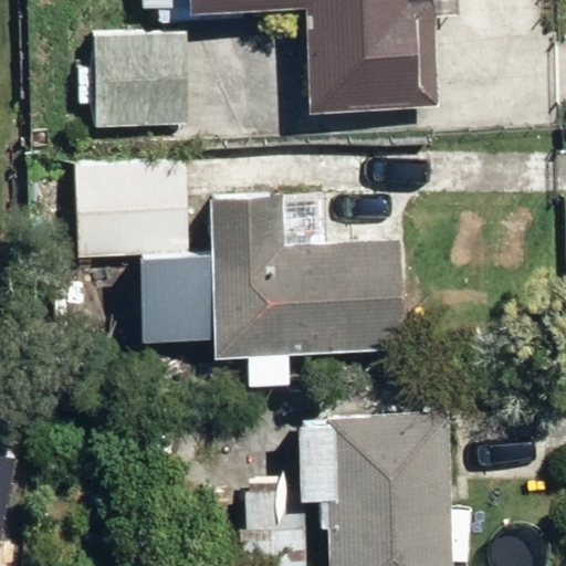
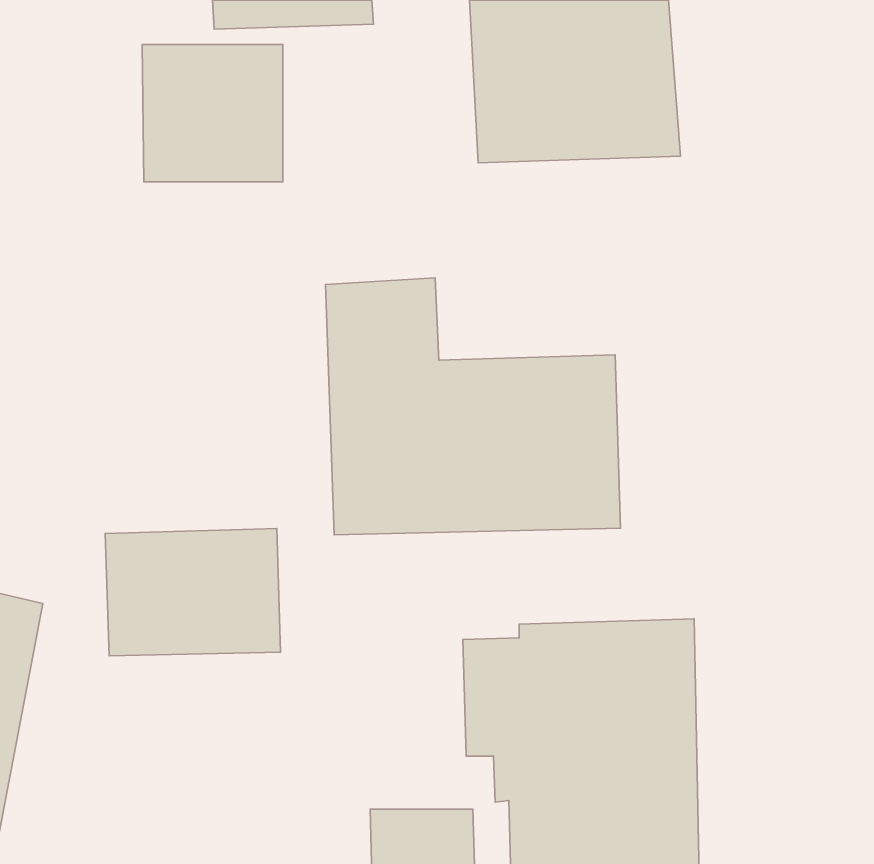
building: [75,160,187,294] -> none
building: none -> [105,528,281,656]

